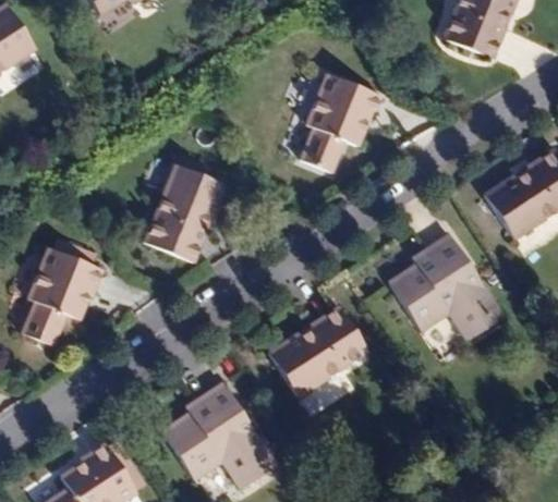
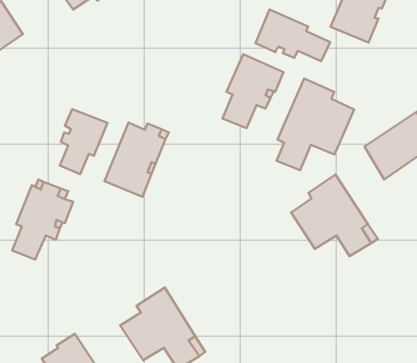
building: none -> [255,10,330,61]
building: none -> [277,78,354,170]
building: none -> [60,109,107,174]
building: [270,308,367,396] -> none

